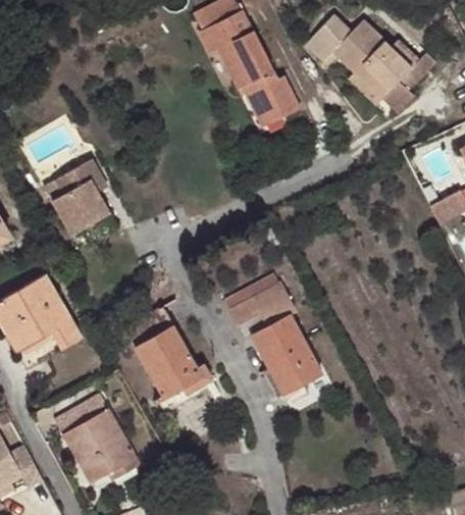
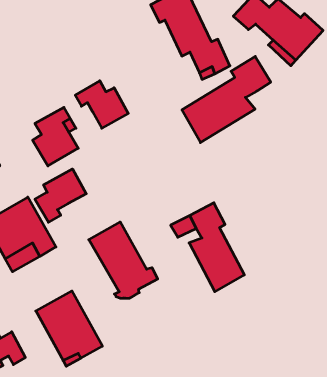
building: none -> [182,56,271,143]
building: none -> [75,81,128,128]
building: none -> [35,169,86,222]

